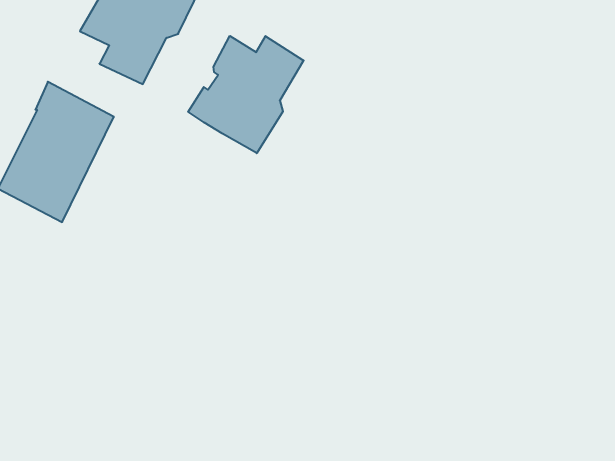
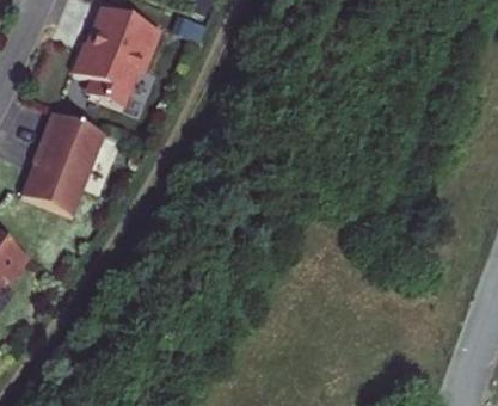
building: [188,36,304,153] -> none

